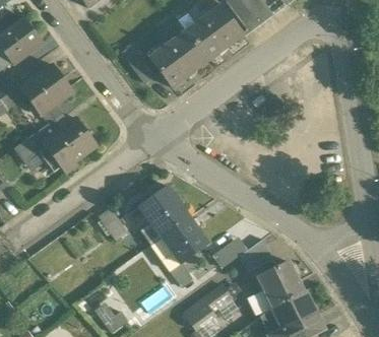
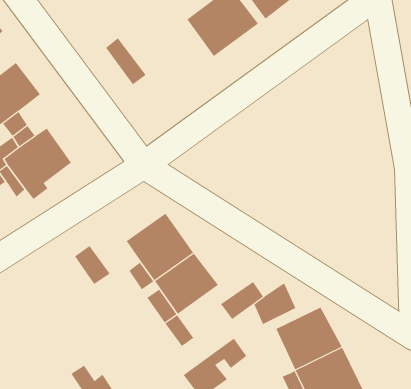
building: [149,31,207,88] -> none

